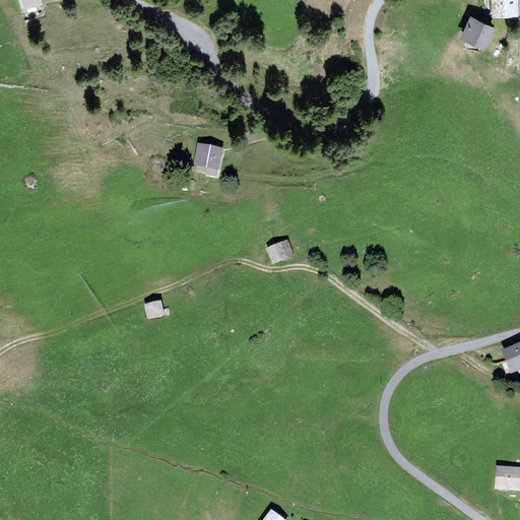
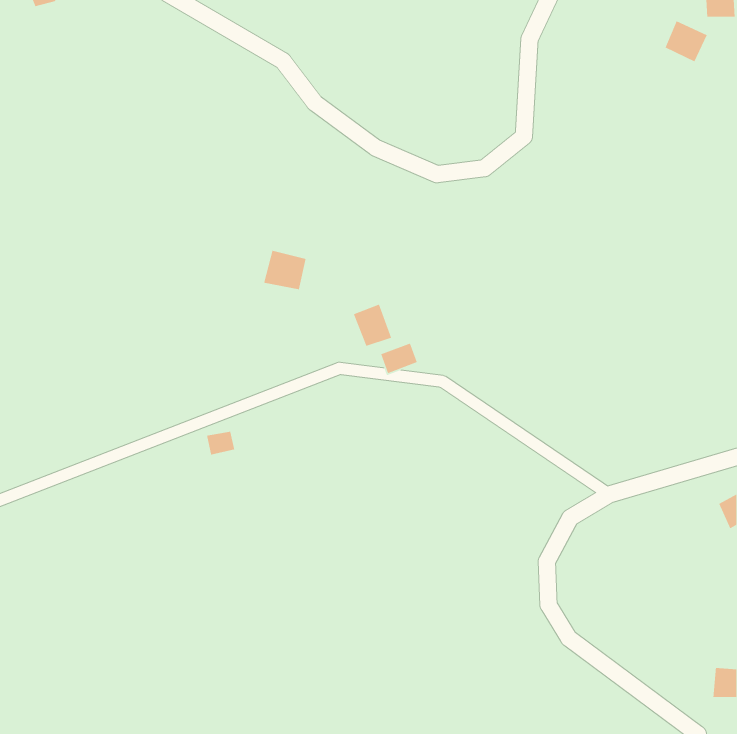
building: [193,144,223,173] -> [263,250,307,290]
building: none -> [353,304,392,347]

